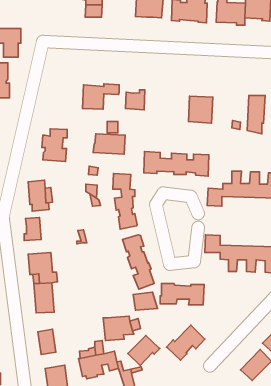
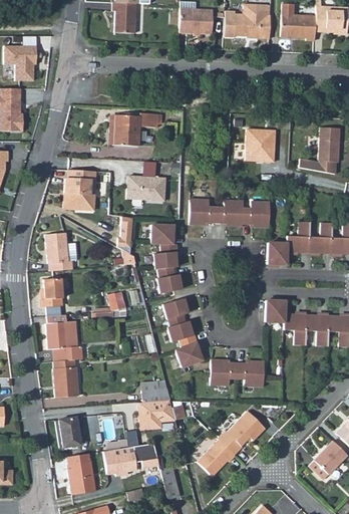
building: [125,90,145,110] -> none
building: [133,292,157,310] -> [140,379,170,402]
building: [128,335,160,366] -> [196,439,235,476]

